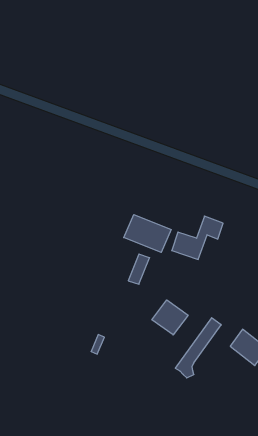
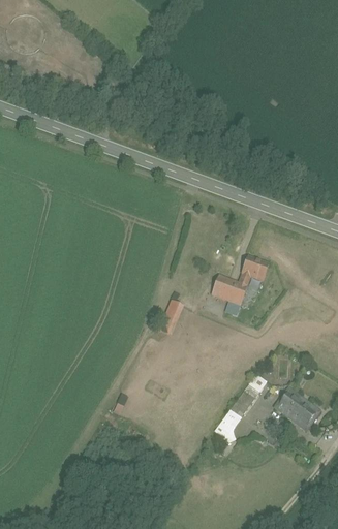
building: [124,215,171,252] -> none
building: [152,300,188,335] -> none

